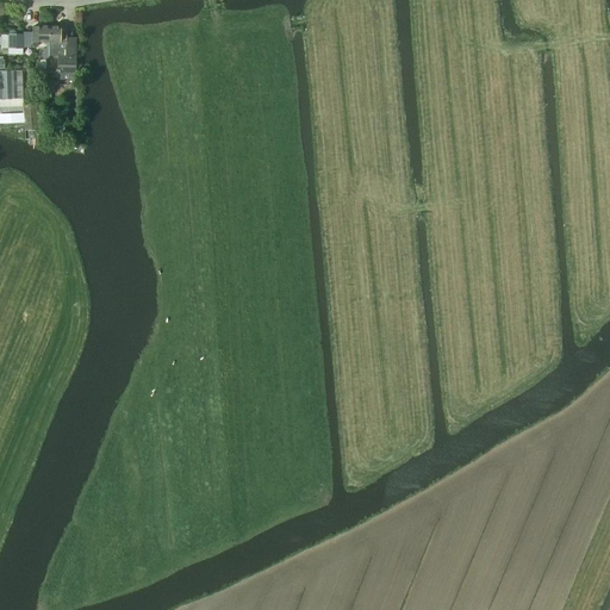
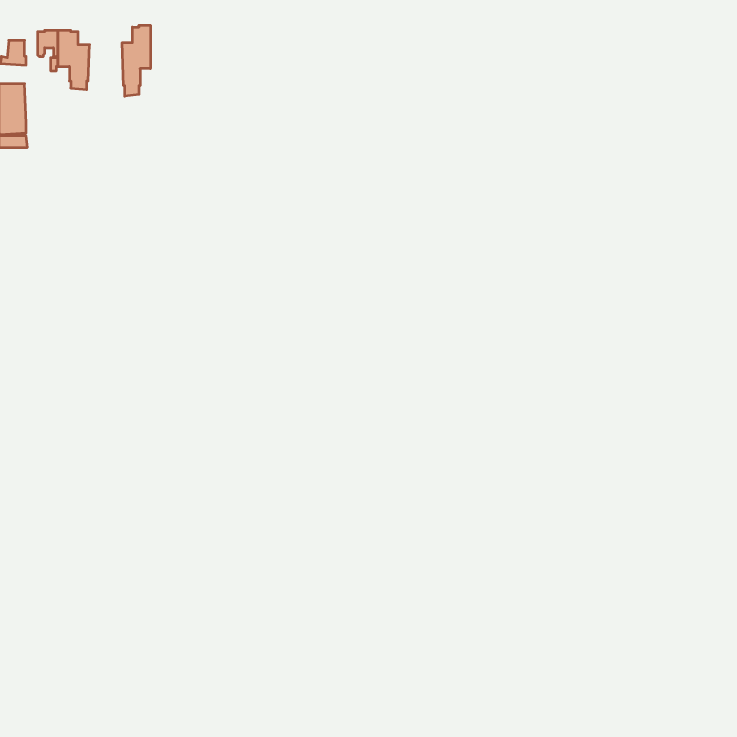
building: none -> [122,25,150,96]

